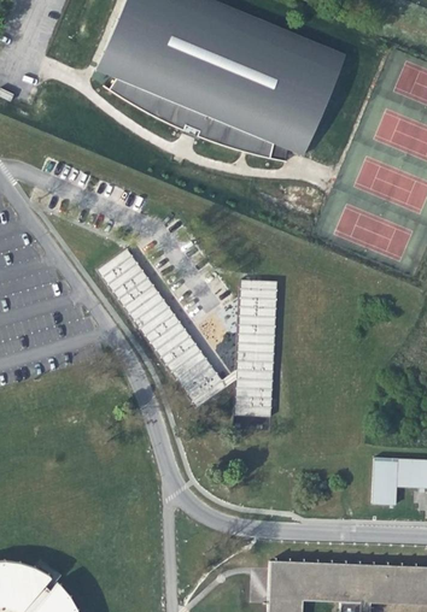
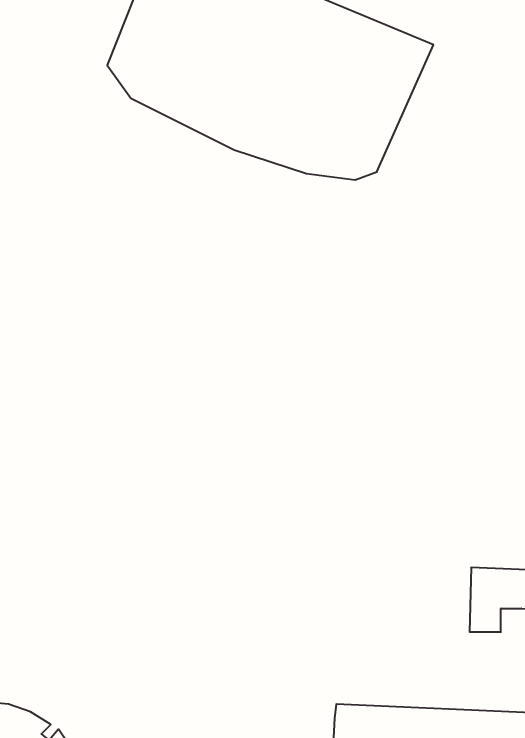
building: [98,249,279,419] -> none

